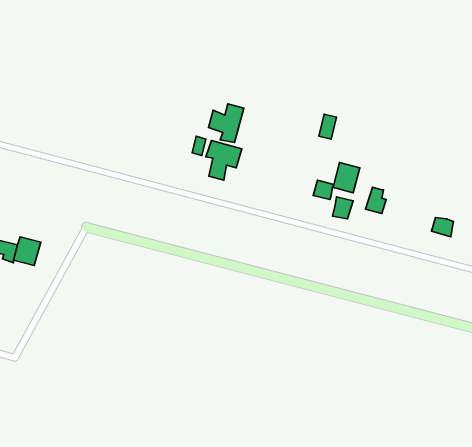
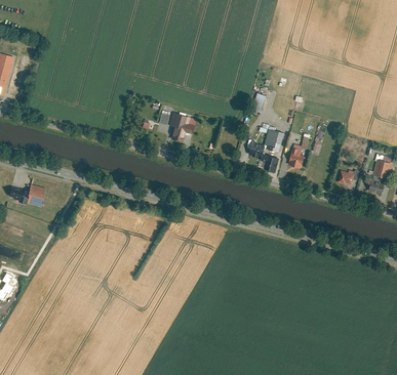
building: [208,104,244,143] -> none

